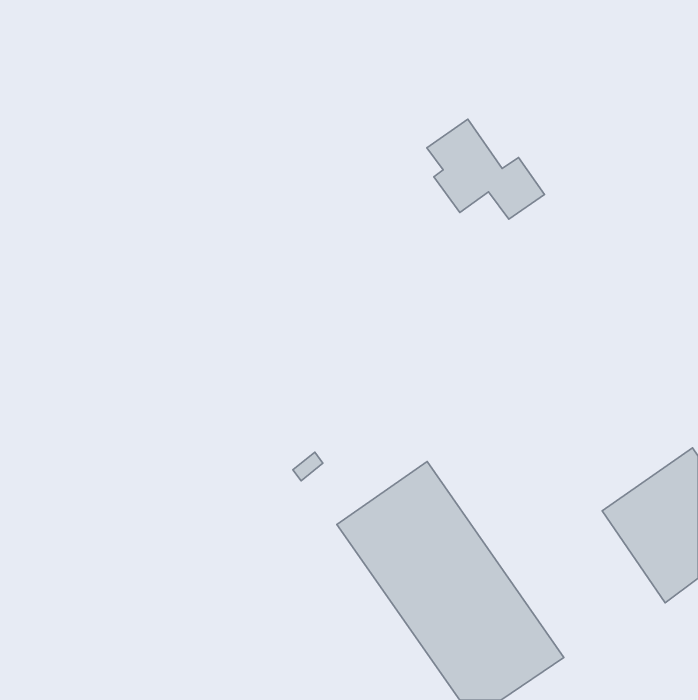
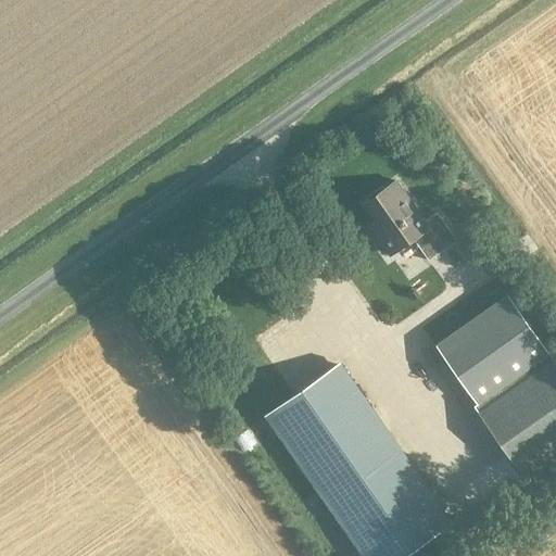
building: [427,119,545,219] -> [363,181,456,261]
building: none -> [435,294,549,405]

